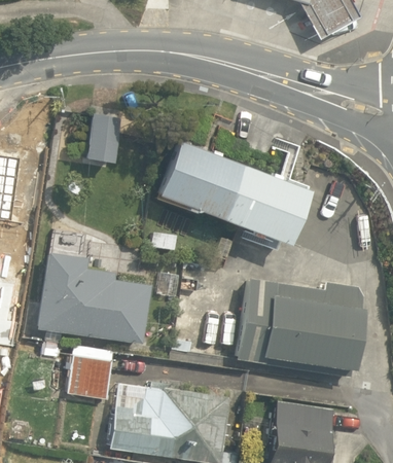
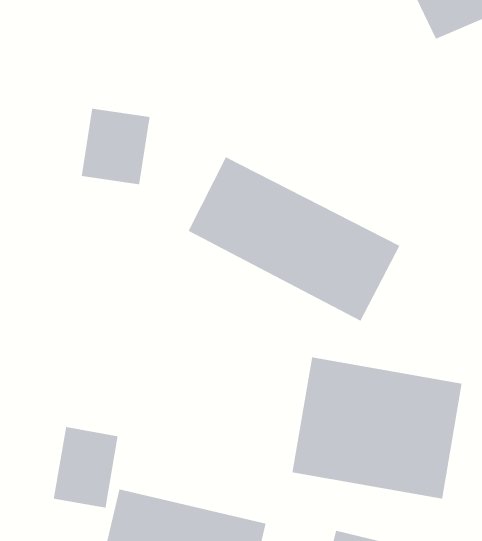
building: [42,255,152,337] -> none

